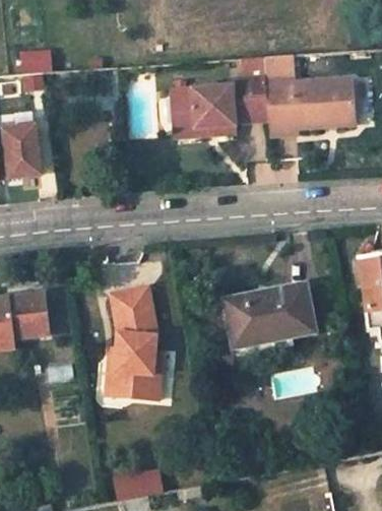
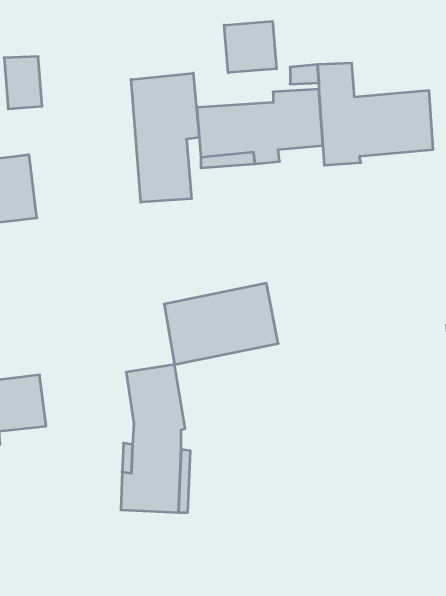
building: none -> [224,21,276,73]
building: none -> [131,73,199,202]
building: [227,285,315,348] -> [164,283,278,364]

